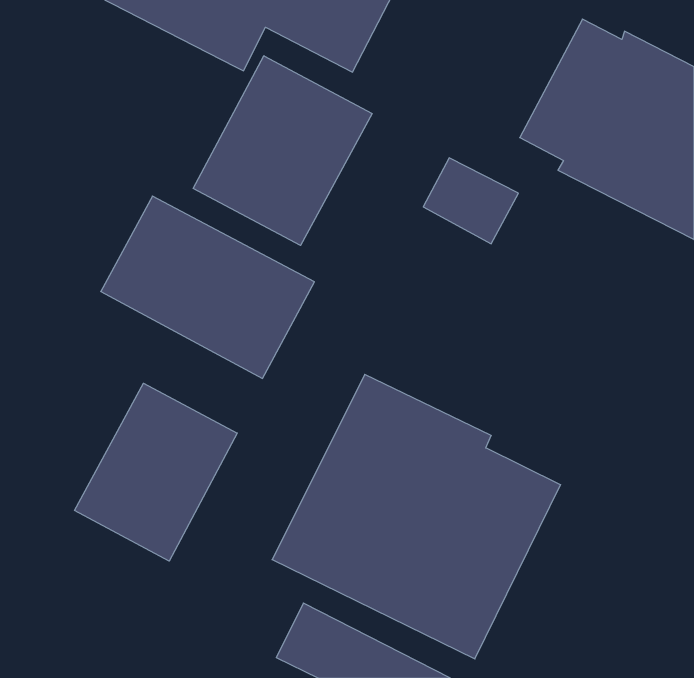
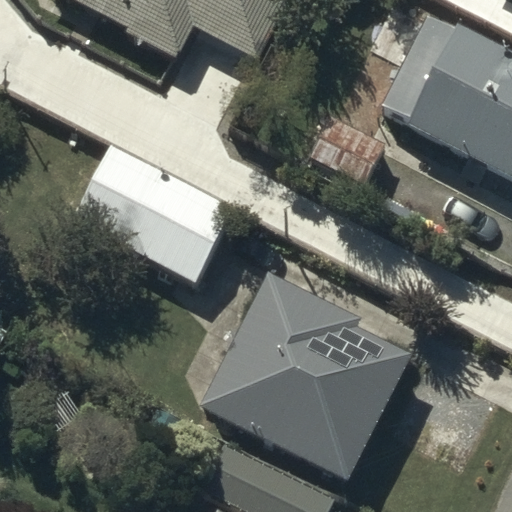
building: [193,56,372,245] -> none
building: [75,383,237,561] -> none

